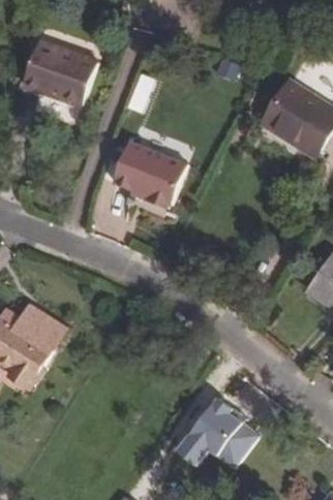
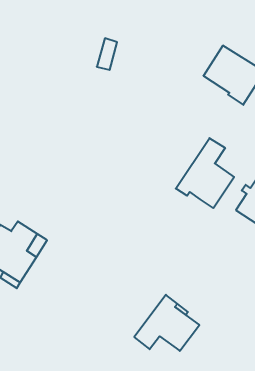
building: [22,38,97,104] -> none
building: [113,137,187,205] -> none
building: none -> [176,138,234,208]

